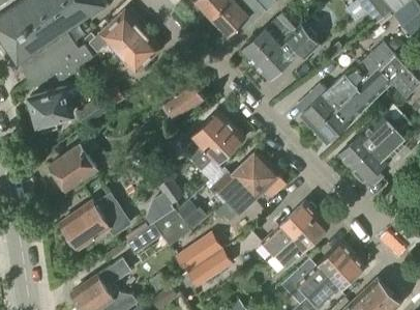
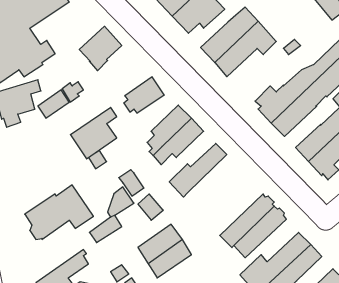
building: [89,11,143,54] -> none
building: [49,138,96,191] -> [70,107,117,159]
building: [214,162,286,222] -> none
building: [153,210,189,247] -> none

